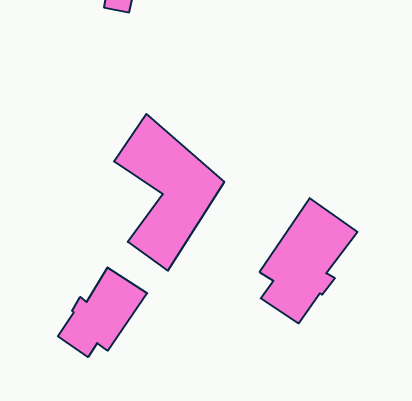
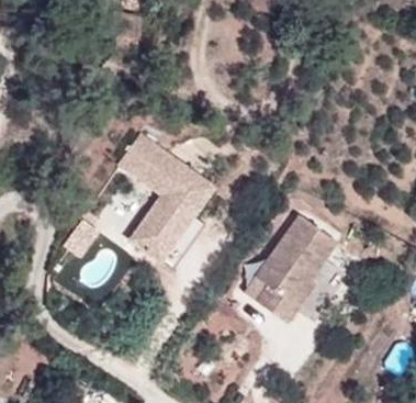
building: [58,267,147,357] -> none

